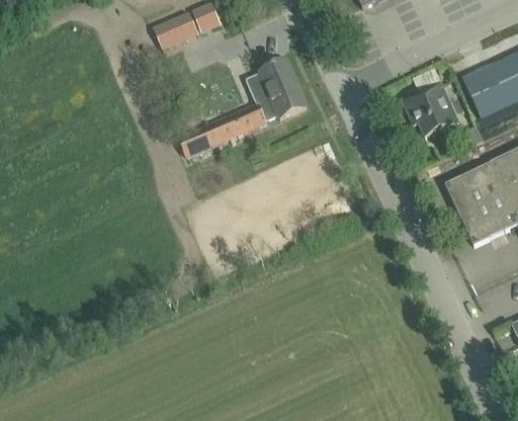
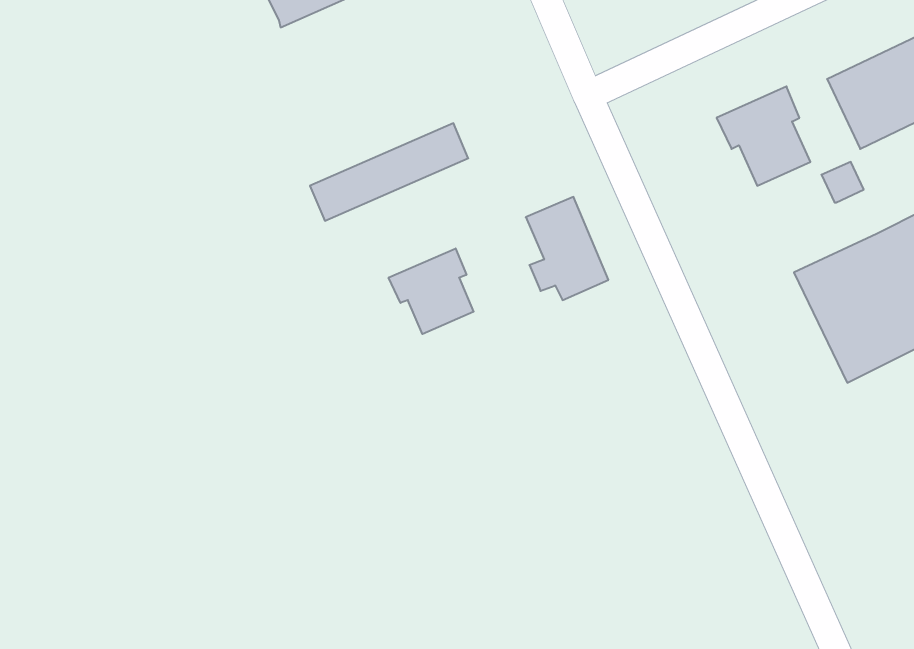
building: [260,59,306,115] -> [526,197,608,300]
building: none -> [389,248,474,334]

